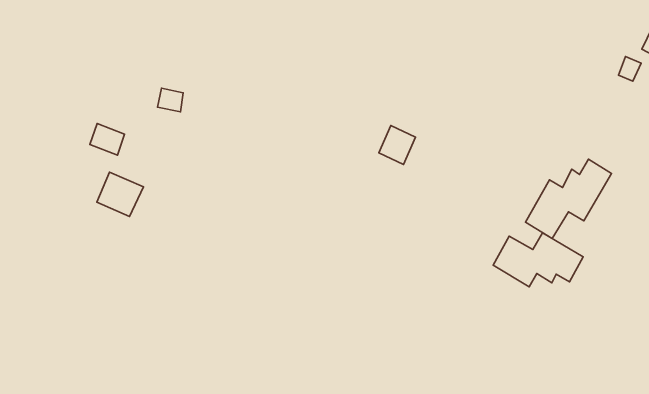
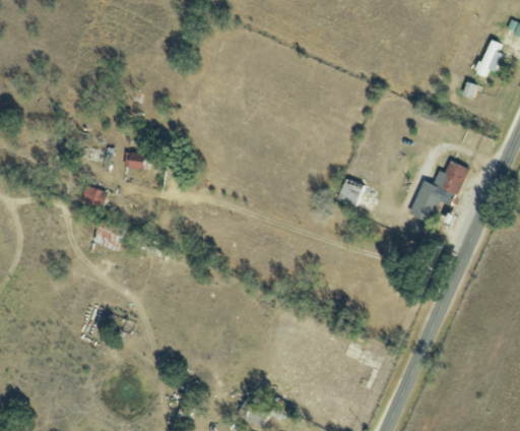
building: [379,125,416,165] -> [339,179,365,206]
building: [493,233,583,287] -> none

